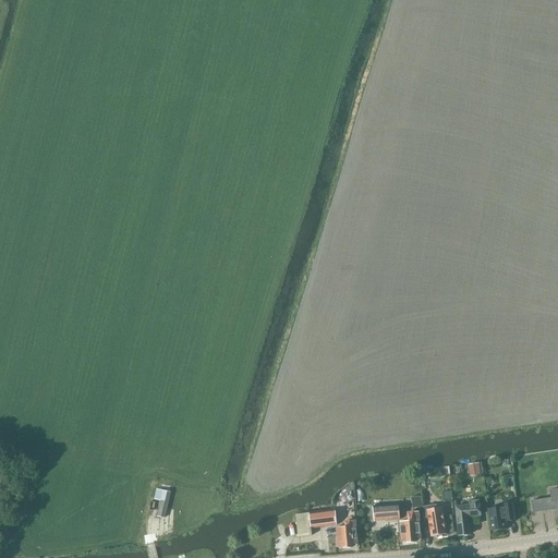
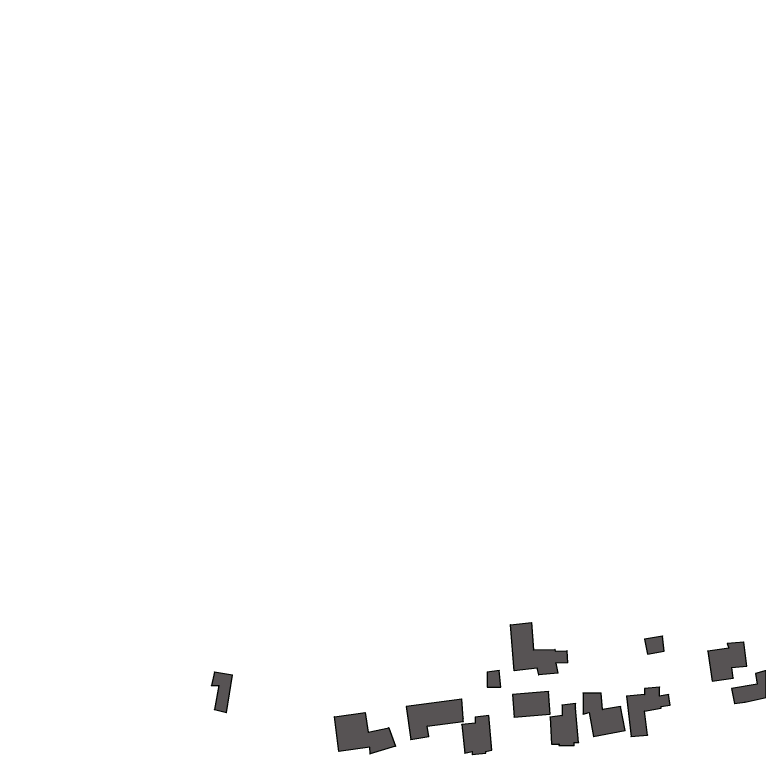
building: none -> [510,623,568,675]
building: [488,502,517,531] -> [708,642,747,681]
building: none -> [334,713,396,754]

